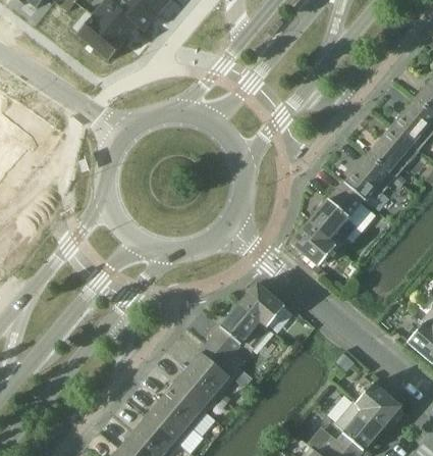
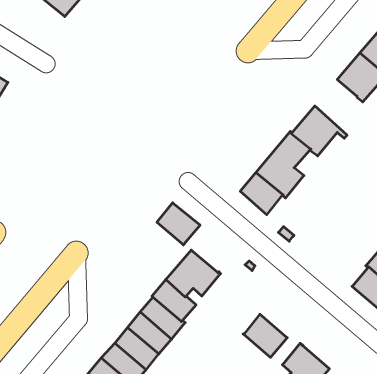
building: [368,125,412,184] -> none
building: [239,283,284,326] -> [157,203,200,245]
building: [355,382,400,426] -> [243,314,287,357]

